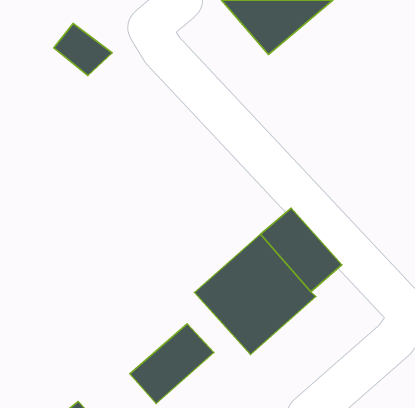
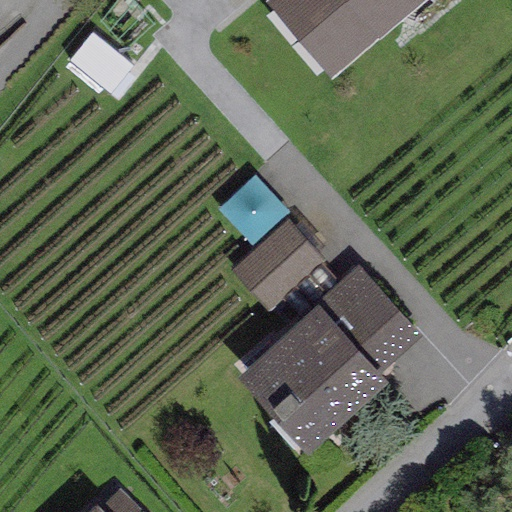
building: none -> [235,223,322,309]
building: [130,324,214,404] -> none

